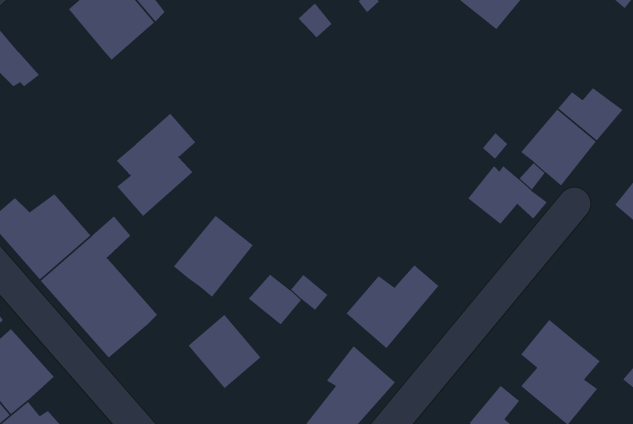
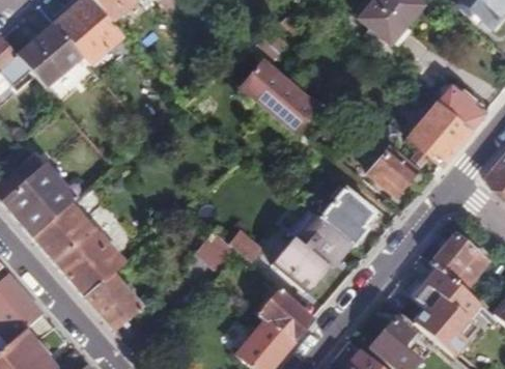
building: none -> [17,25,82,90]
building: none -> [241,60,319,133]
building: [116,113,196,217] -> none
building: none -> [317,186,369,246]
building: [173,215,254,298] -> none
building: none -> [428,234,483,289]
building: [187,314,261,389] -> [87,274,145,333]

